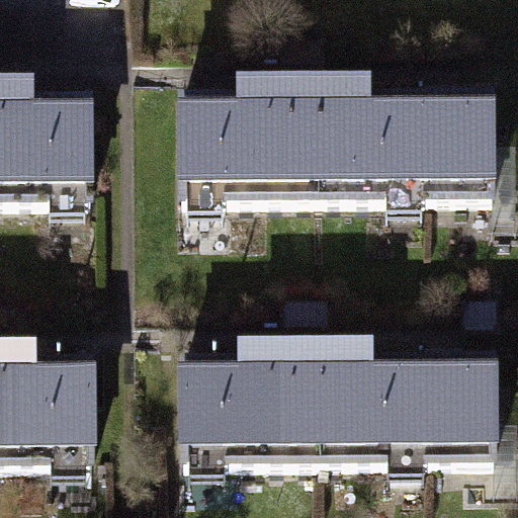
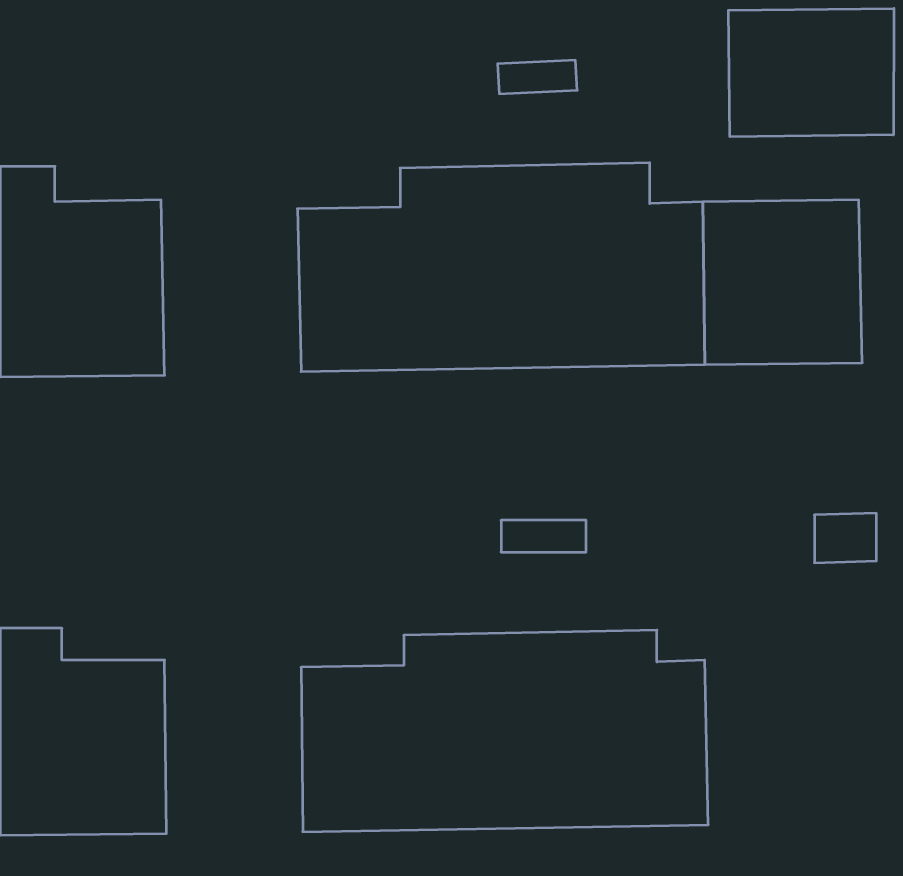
building: none -> [728,8,894,137]
building: [404,376,495,471] -> none

